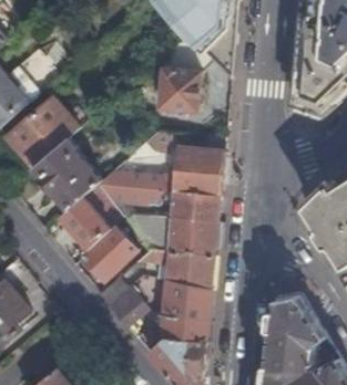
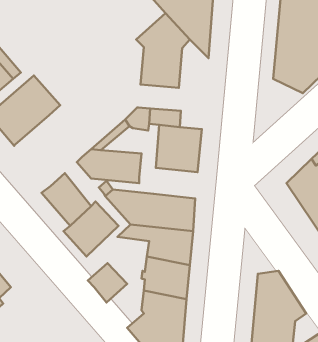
building: [32,137,100,209] -> none
building: [172,190,216,221] -> none

